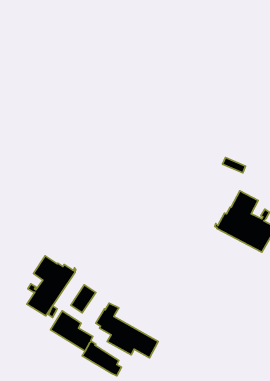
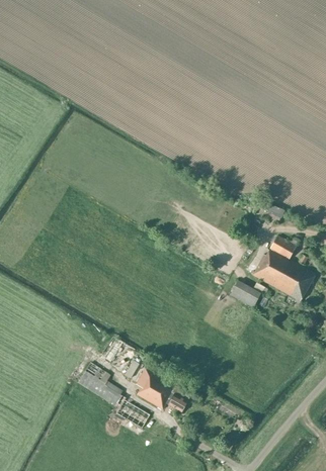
building: none -> [230,281,260,307]
building: [27,256,76,316] -> none

